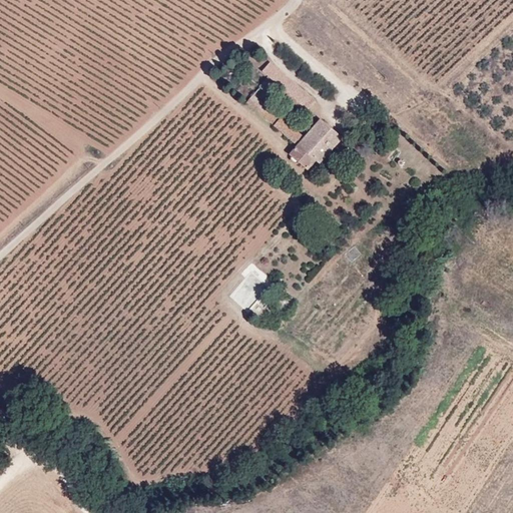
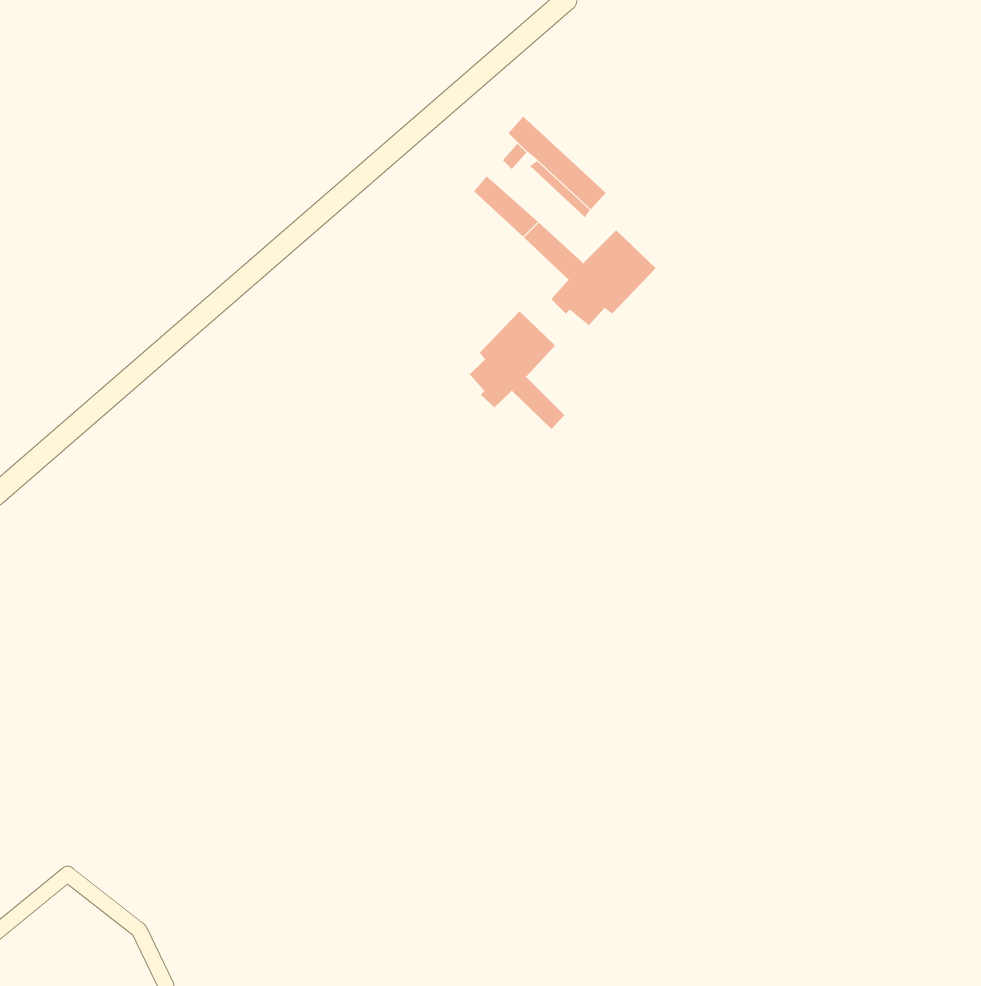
building: none -> [469,310,565,430]

